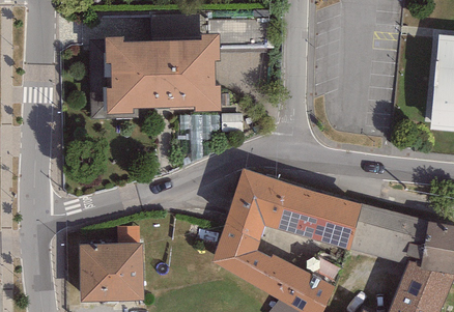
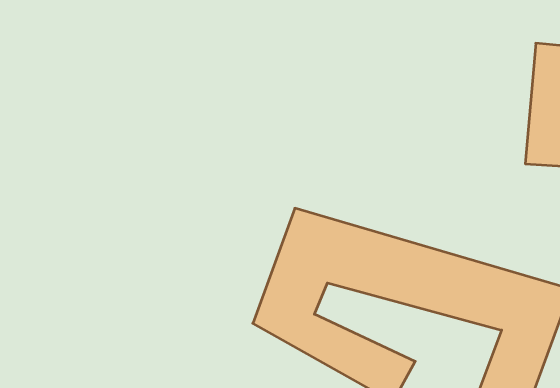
building: [103,31,219,112] -> none
building: [76,242,143,301] -> none

